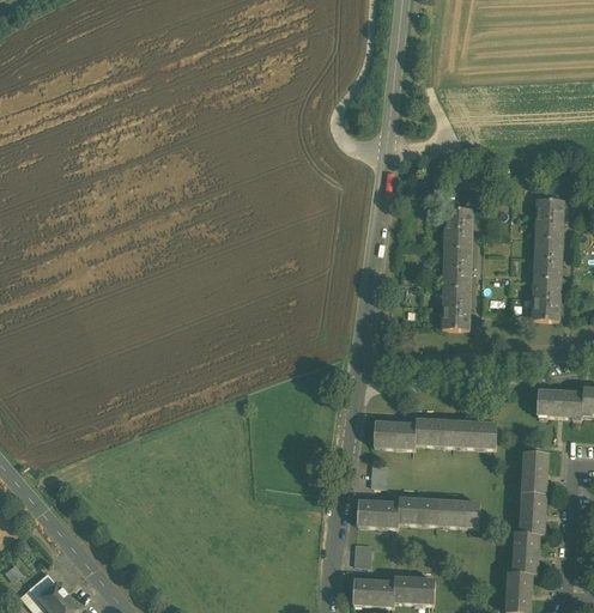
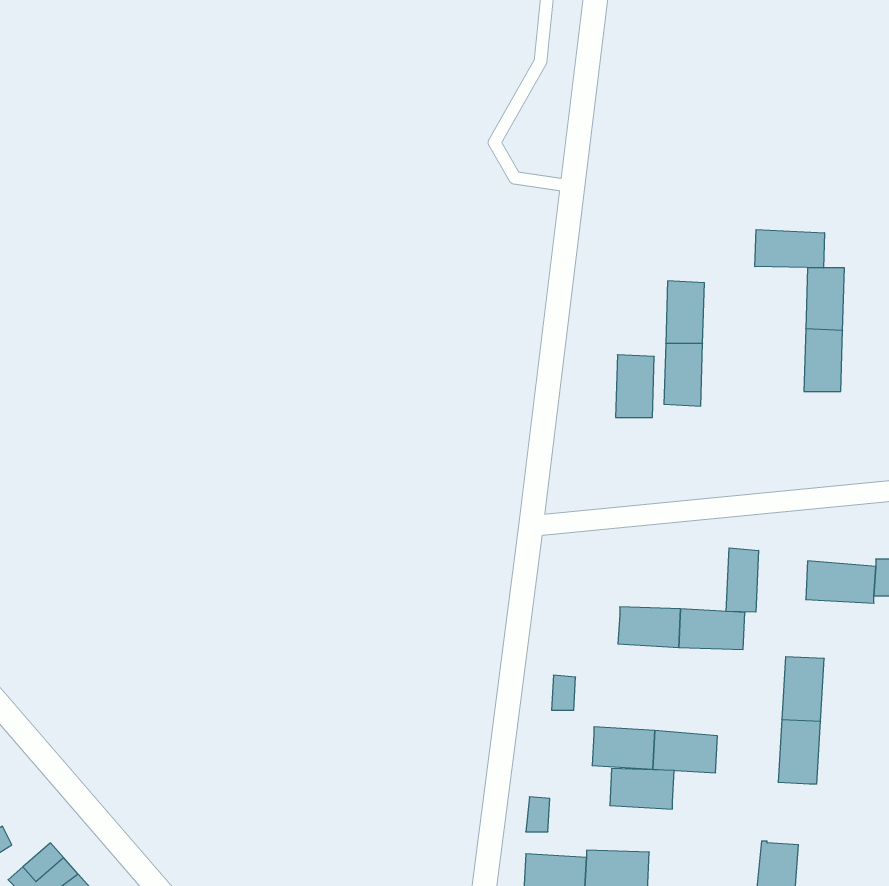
building: none -> [755,230,824,268]
building: [533,279,559,320] -> none
building: [443,287,468,328] -> [616,355,654,417]
building: none -> [726,548,759,612]
building: [374,421,416,448] -> none
building: [357,500,399,527] -> [610,769,674,809]
building: [511,532,539,573] -> none

